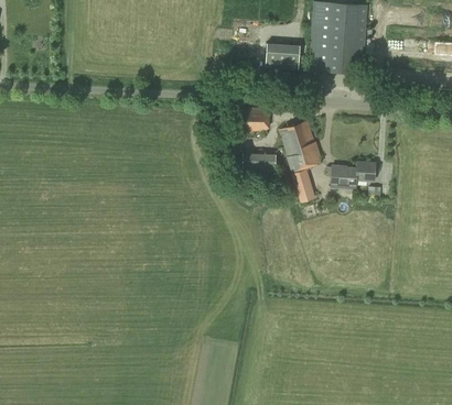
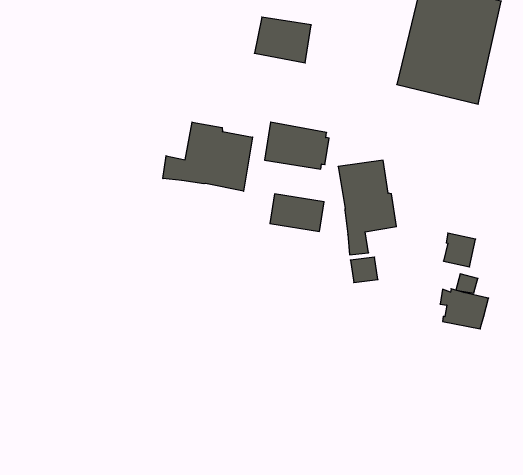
building: [263,43,298,68] -> [254,17,311,63]
building: none -> [163,122,253,191]
building: [327,165,358,188] -> [440,289,489,329]

